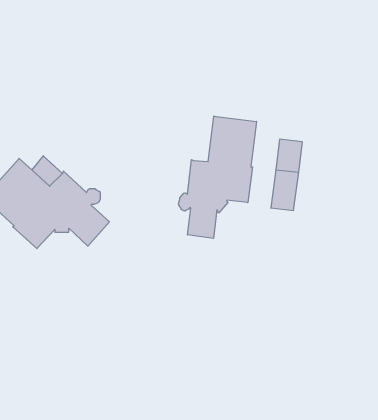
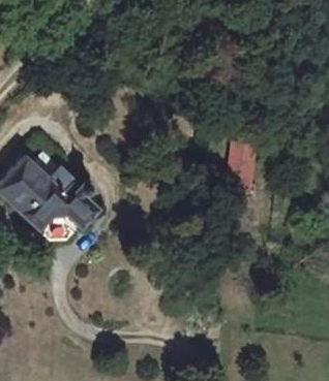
building: [179,116,257,238] -> none

